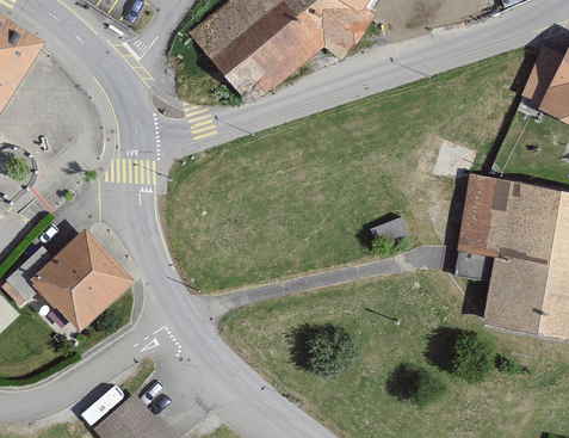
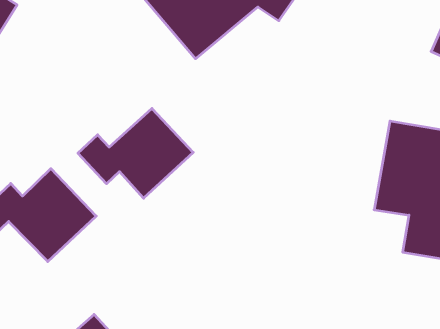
building: none -> [78,108,193,198]

